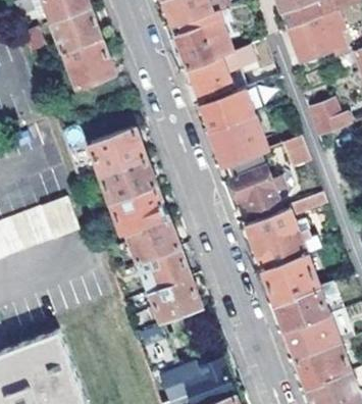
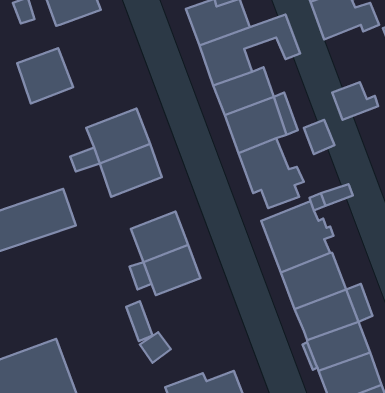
building: [65,38,115,87] -> [17,48,73,103]
building: [111,187,168,235] -> none
building: [151,276,202,322] -> none

